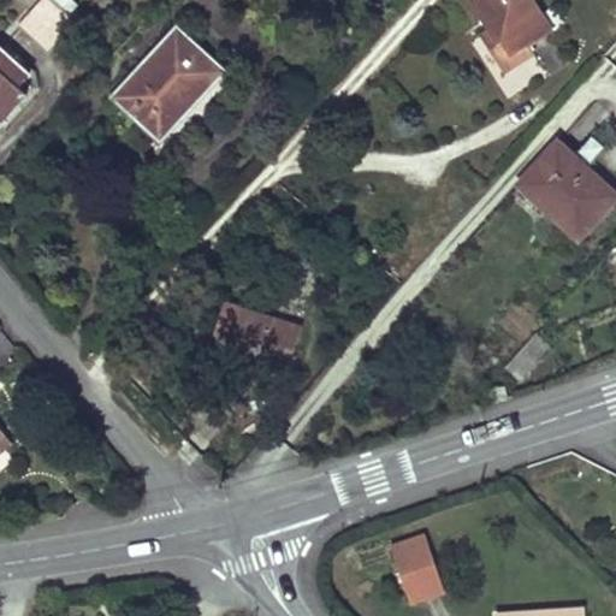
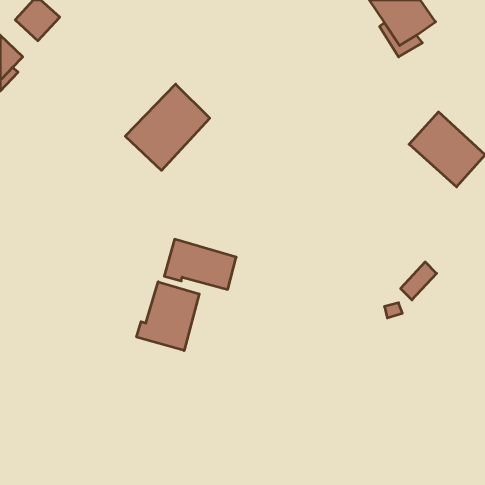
building: [112,29,219,138] -> [125,84,210,170]
building: none -> [137,282,199,351]
building: [390,535,440,603] -> none

